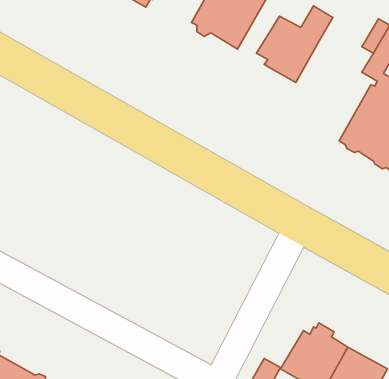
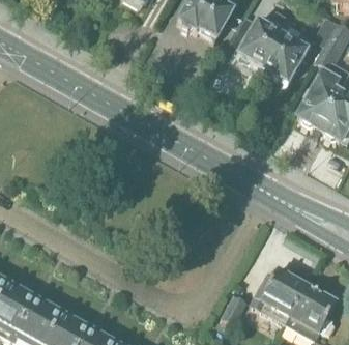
building: none -> [261,15,311,83]

